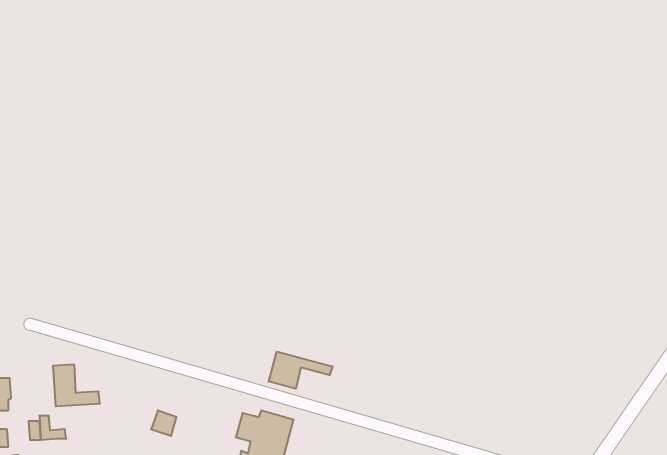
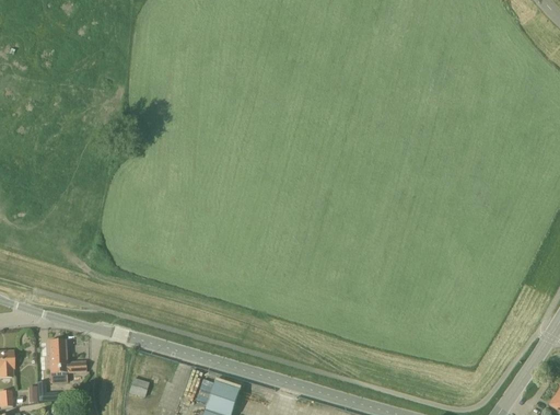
building: [269,352,333,389] -> none

